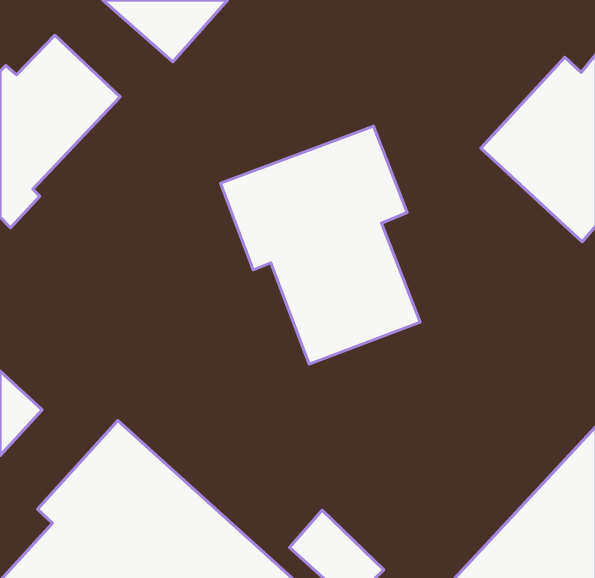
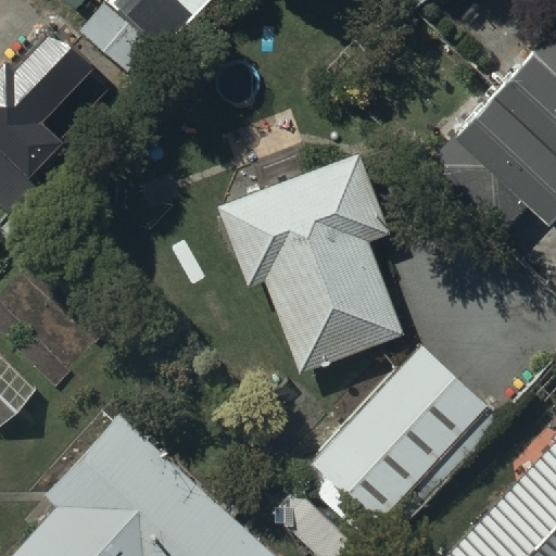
building: none -> [302,343,503,548]

